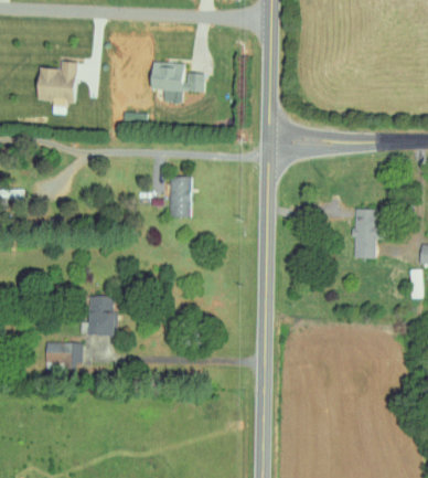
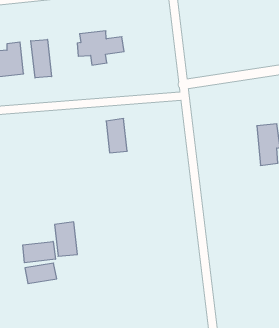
building: none -> [31,39,52,78]
building: none -> [23,241,55,263]

